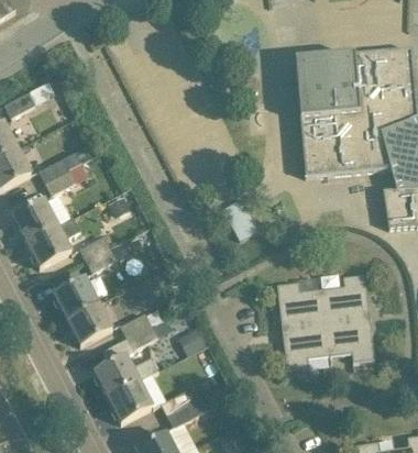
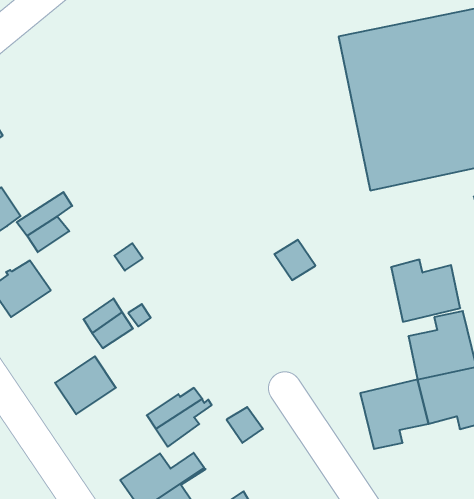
building: [26,217,81,266] -> none
building: [277,280,326,325] -> [391,260,460,322]
building: [67,301,112,344] -> none

